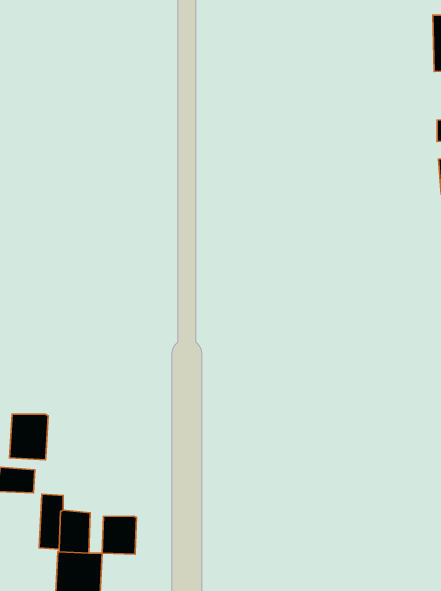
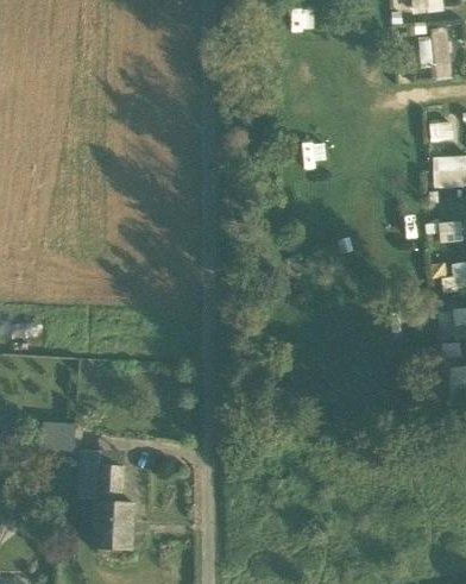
building: [10,414,48,460] -> none
building: [102,516,136,554] -> none

